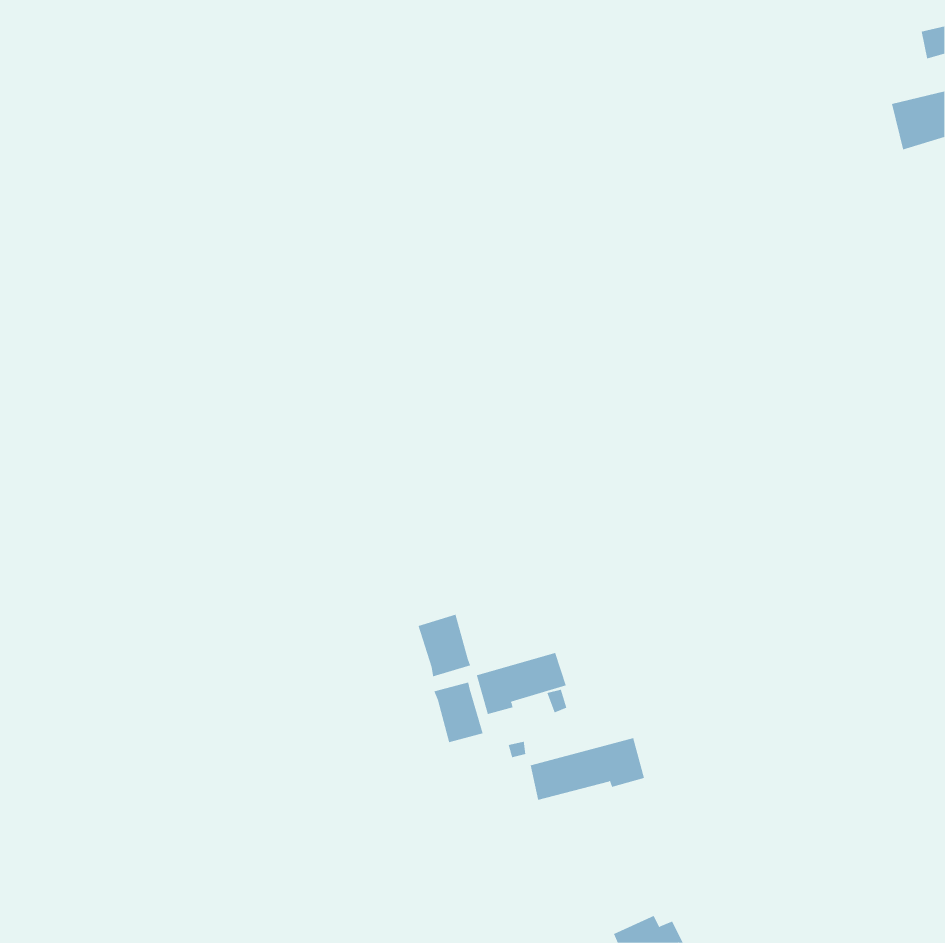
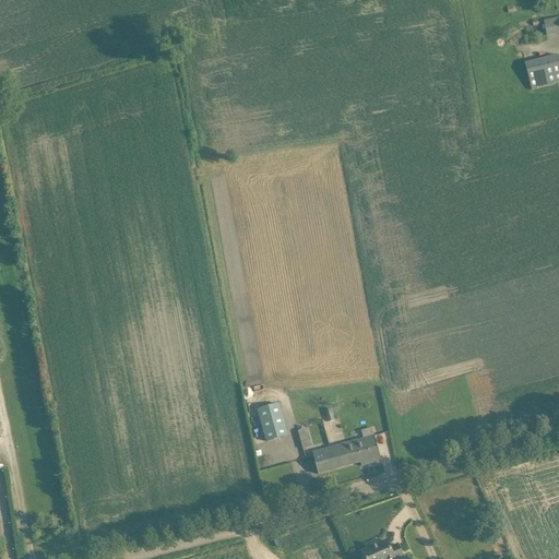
building: [418,614,471,677] -> none
building: [476,652,567,715] -> none

